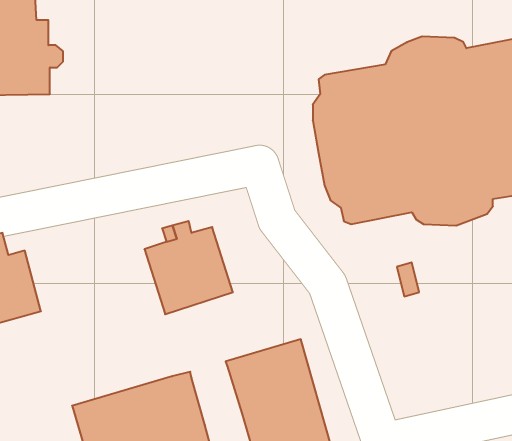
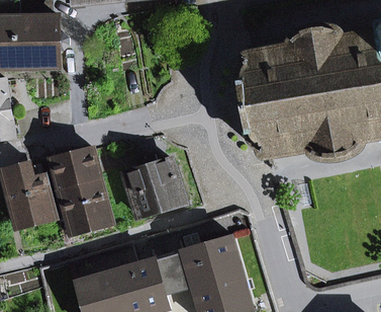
building: none -> [51,150,113,235]
building: none -> [157,254,191,295]

